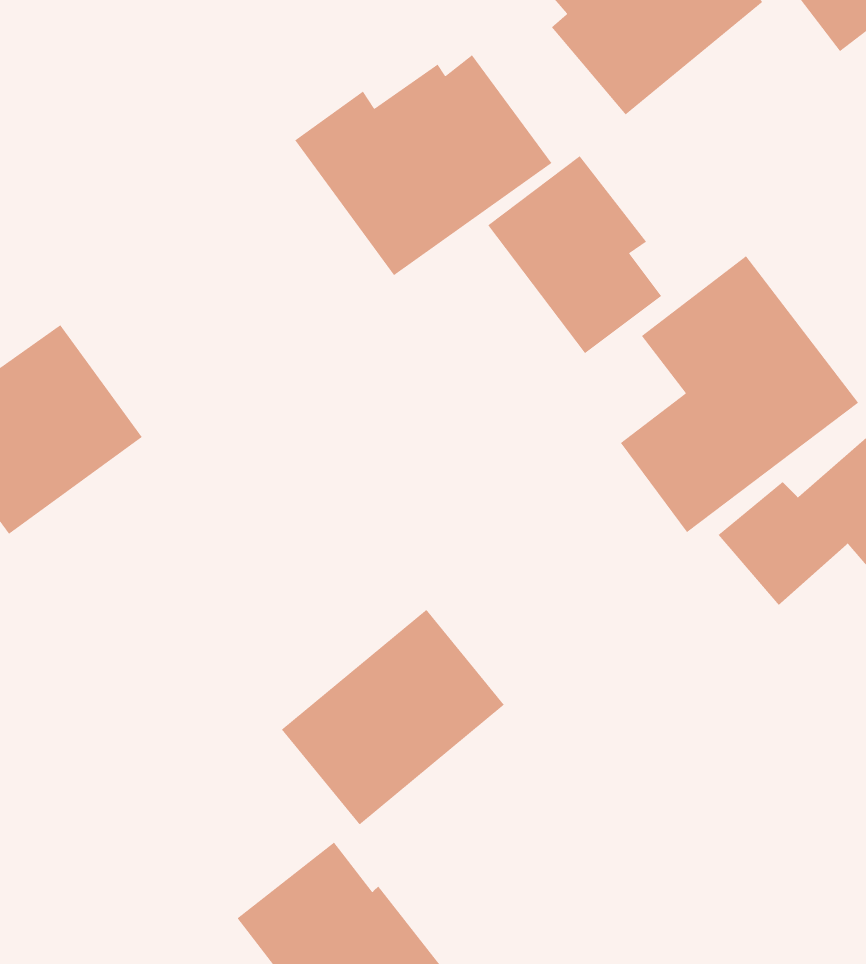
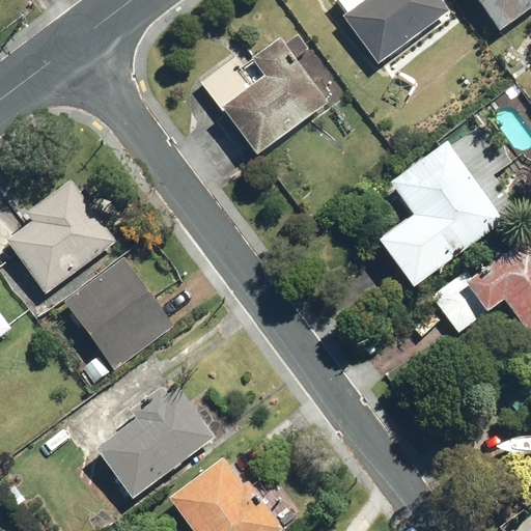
building: [487,155,662,354] -> none
building: none -> [62,257,175,370]
building: [281,609,505,825] -> [92,384,214,501]

